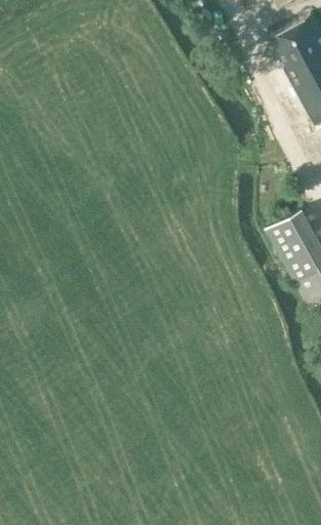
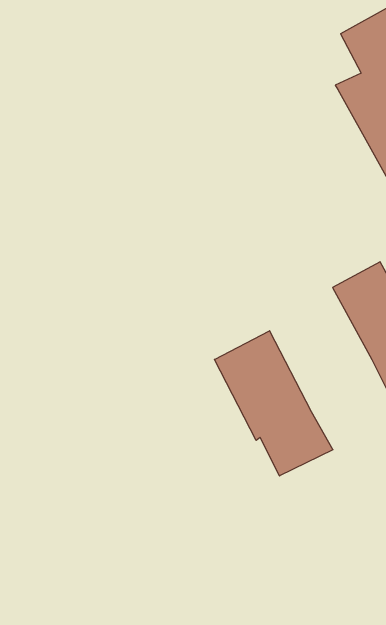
building: none -> [214,331,333,476]

